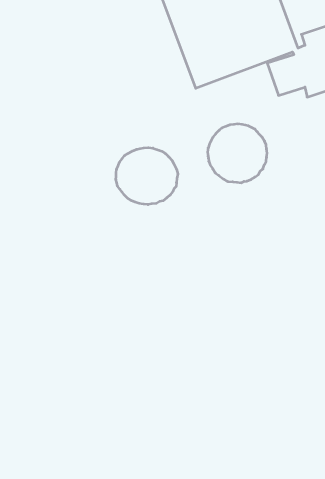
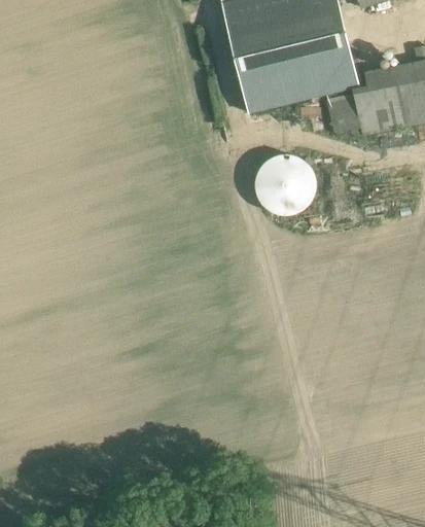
building: [116,148,178,205] -> none

